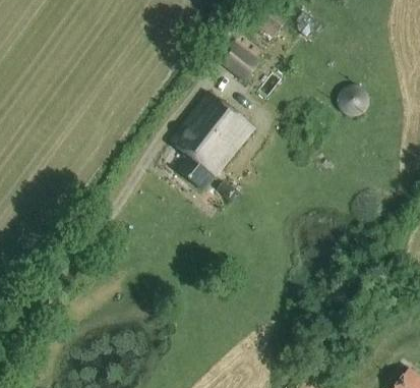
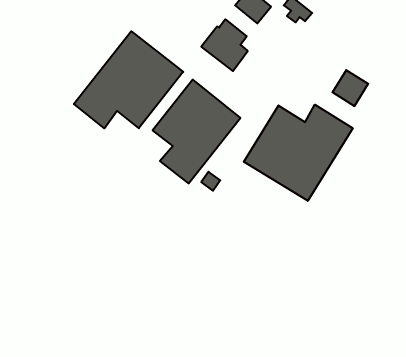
building: none -> [74,31,183,128]
building: none -> [244,105,353,201]

